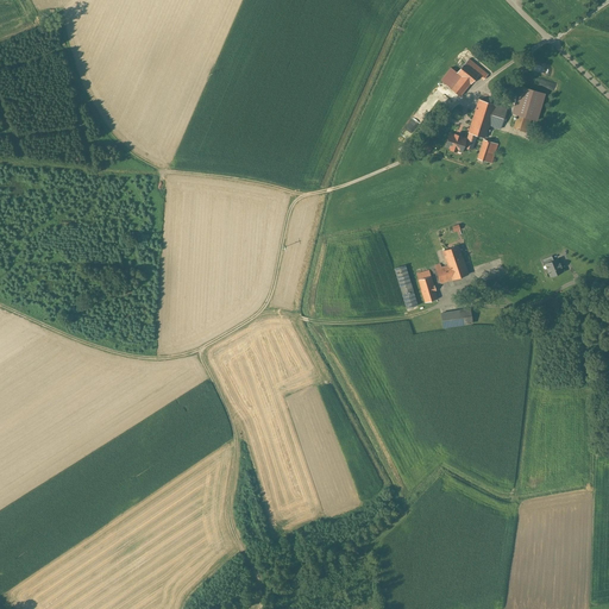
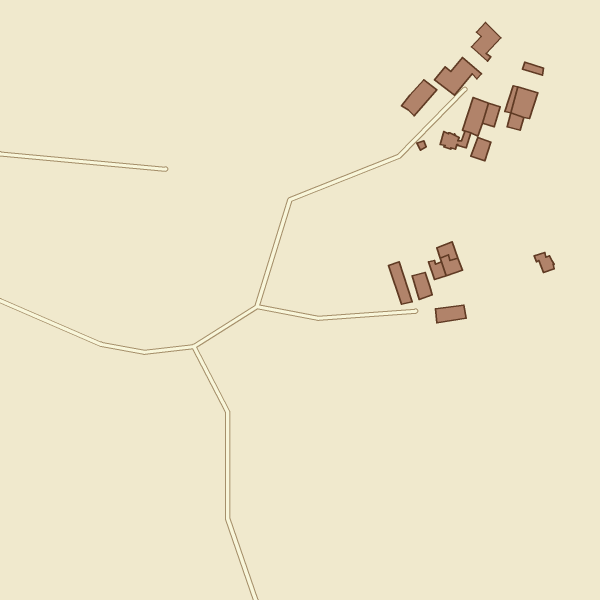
building: none -> [472,23,501,61]
building: none -> [401,80,437,116]

